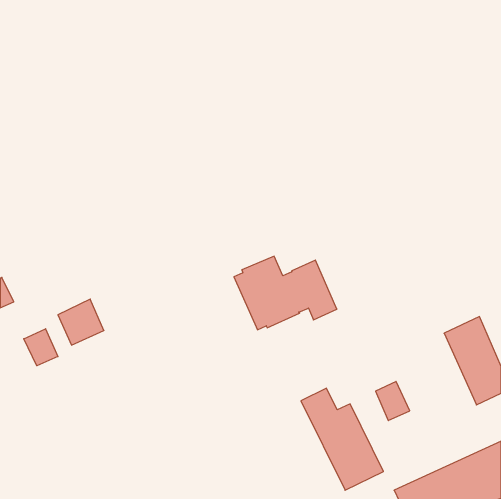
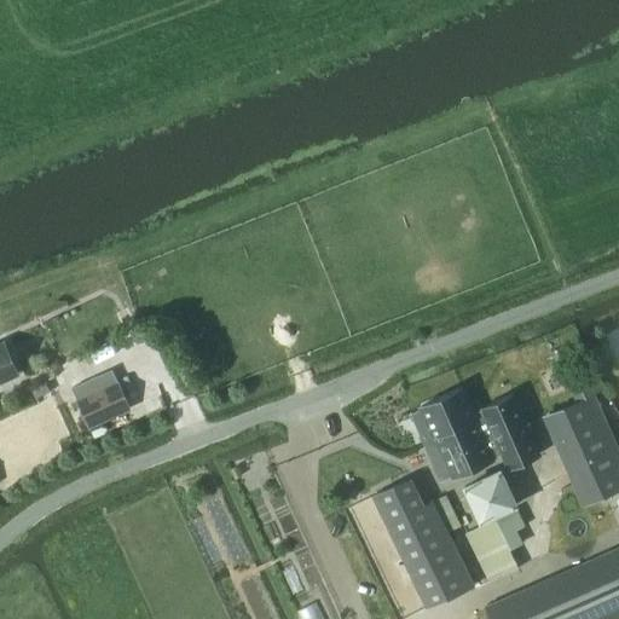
building: [234,256,337,330] -> [411,392,538,482]
building: [24,329,58,366] -> none
building: none -> [468,521,517,583]

